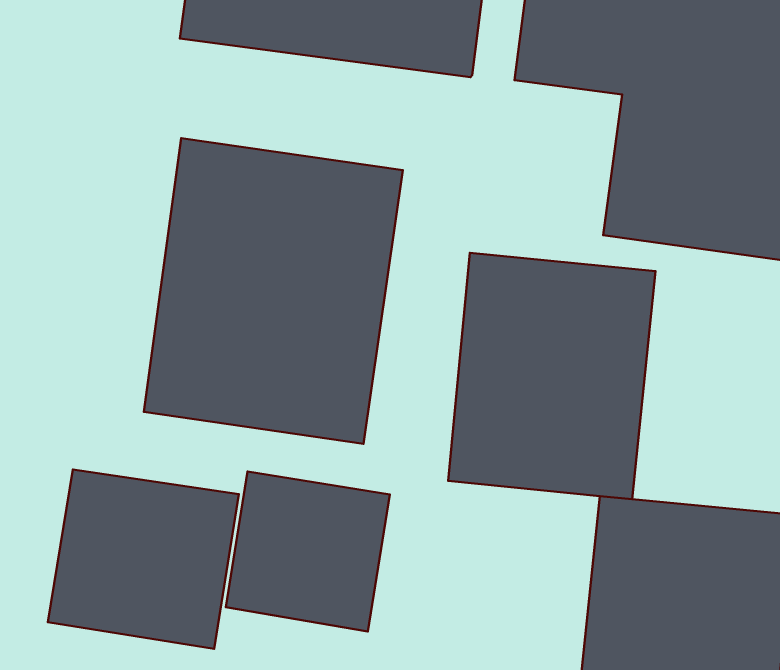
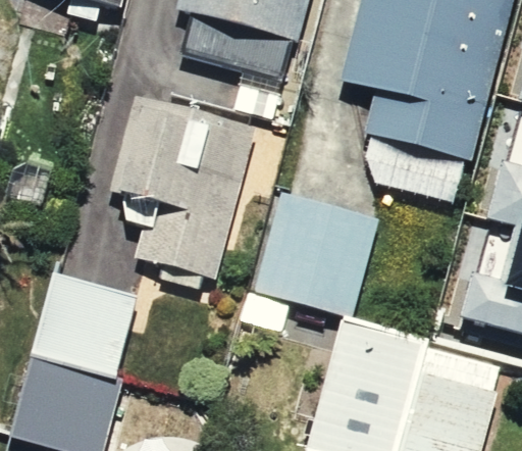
building: [226,472,390,631] -> none

